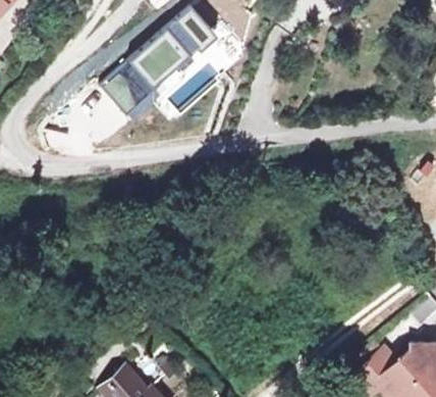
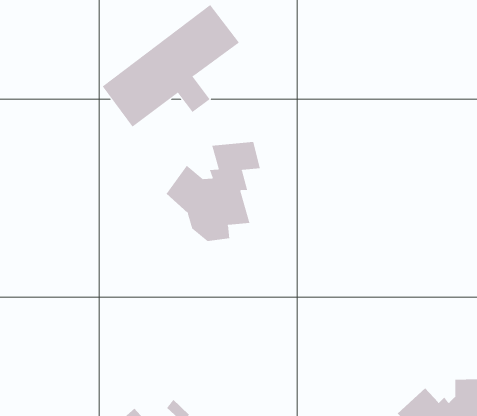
building: none -> [166,141,261,242]

